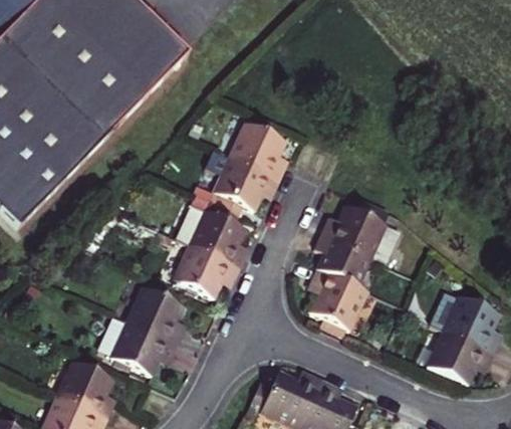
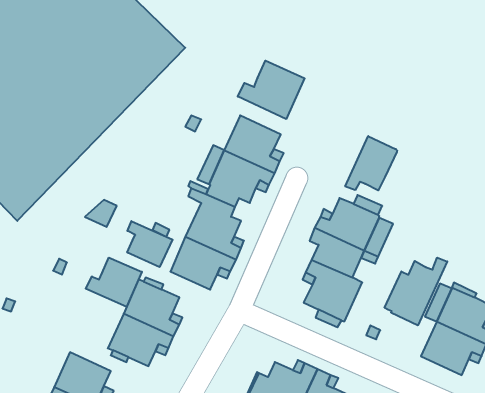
building: none -> [238,61,305,119]
building: none -> [345,136,397,190]
building: none -> [127,221,173,267]
building: none -> [385,258,447,325]
building: none -> [86,258,142,307]

